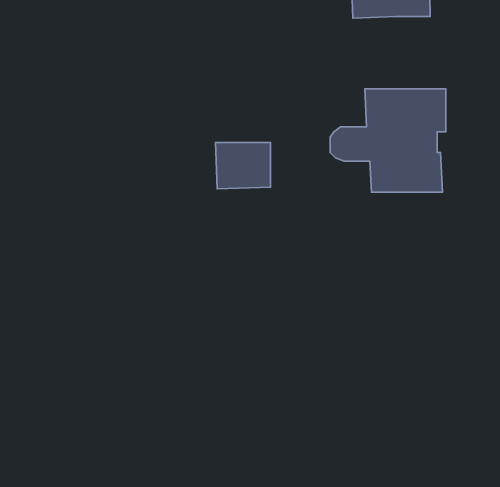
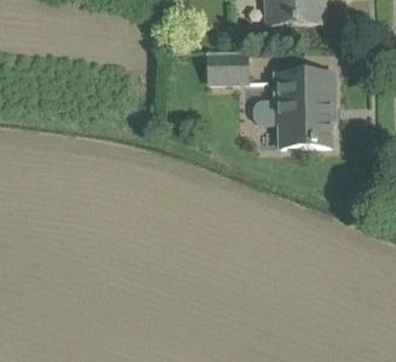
building: [215,142,271,189] -> [208,50,247,82]

